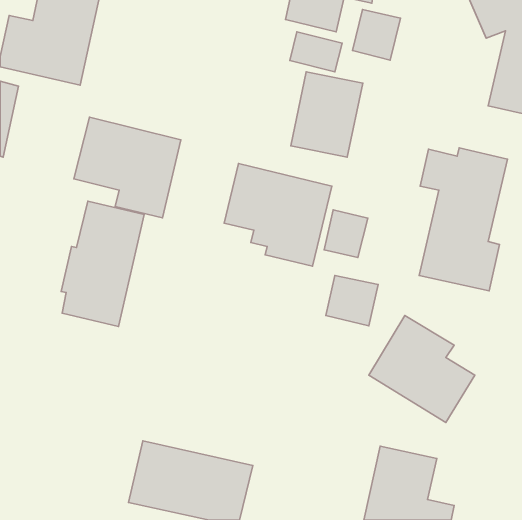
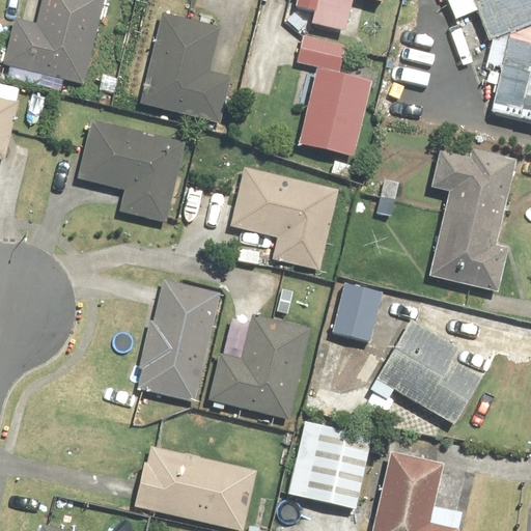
building: [353,9,401,60] -> none
building: none -> [140,11,231,121]
building: [61,201,144,327] -> [138,275,222,401]
building: [324,210,368,258] -> none
building: none -> [206,314,309,418]
building: none -> [286,422,370,509]

